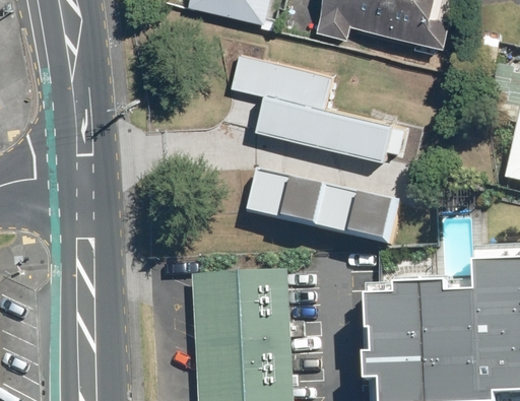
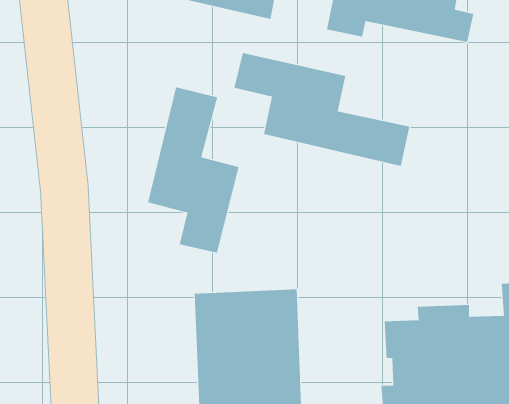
building: none -> [147,86,239,254]
building: [246,168,398,245] -> none

